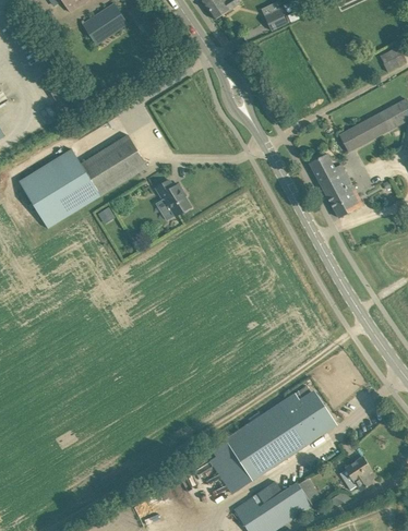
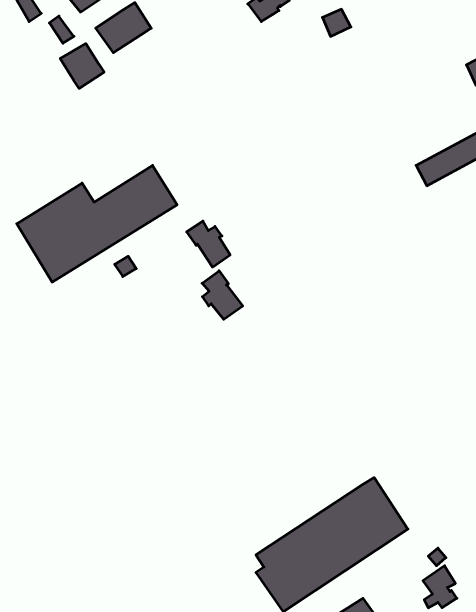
building: none -> [60,44,104,88]
building: [309,154,362,217] -> none
building: none -> [202,271,243,319]

